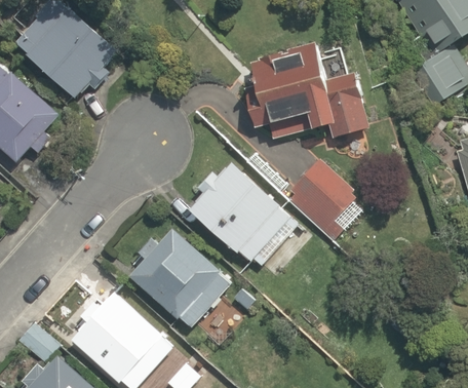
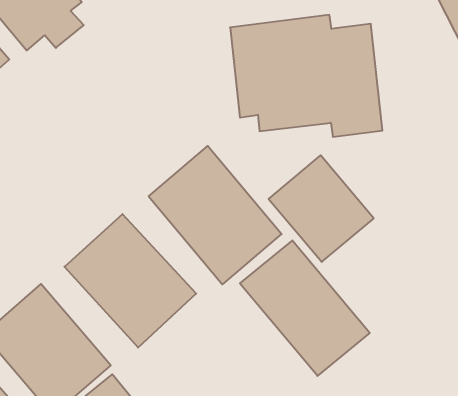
building: none -> [240,240,370,376]

